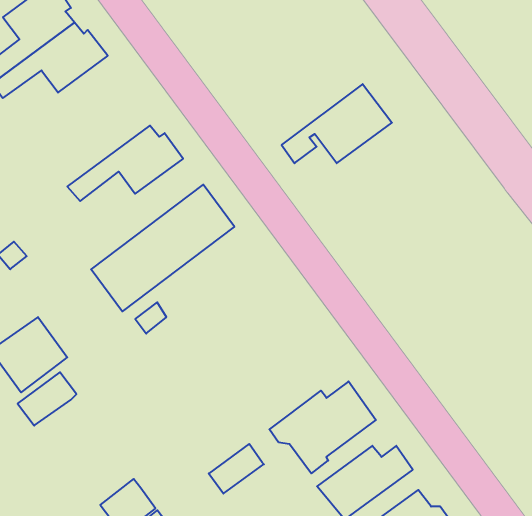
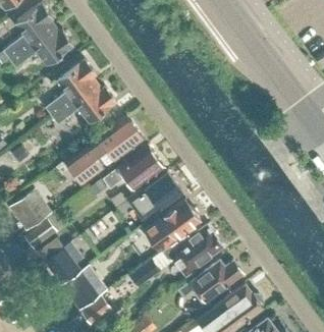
building: none -> [45,60,97,117]
building: [282,84,392,163] -> [103,146,164,189]
building: none -> [127,172,182,222]
building: none -> [143,201,201,253]
building: none -> [44,242,84,284]

